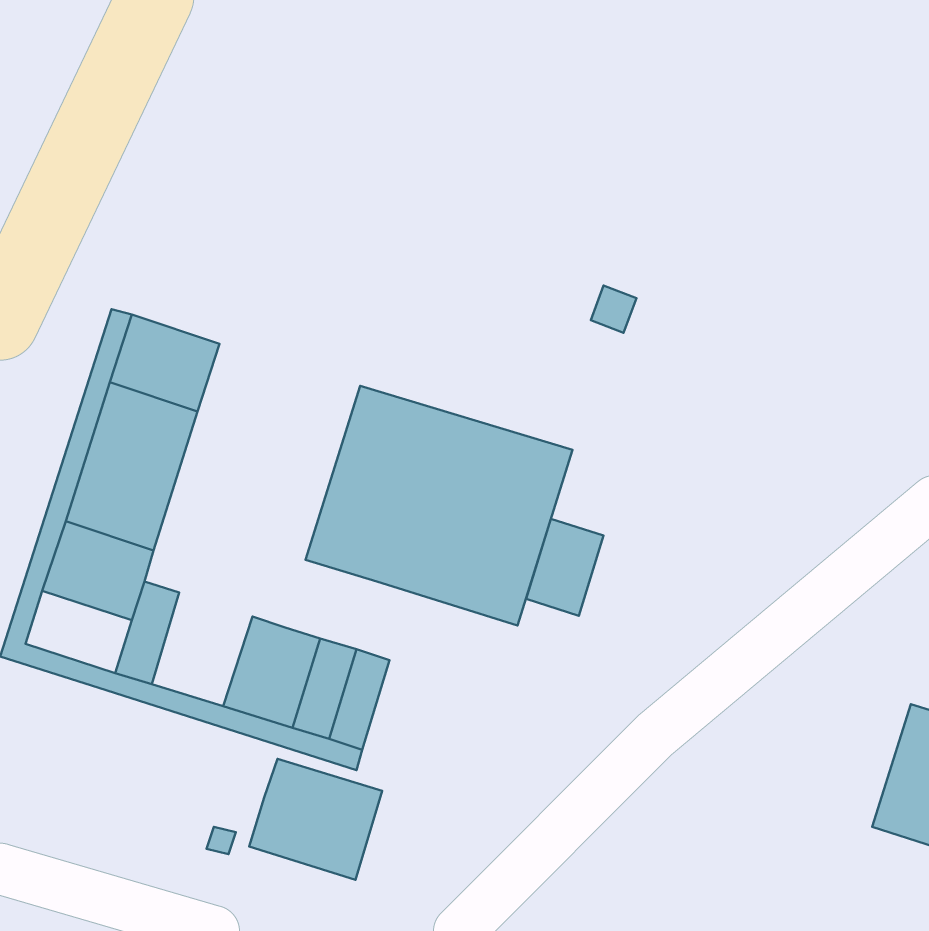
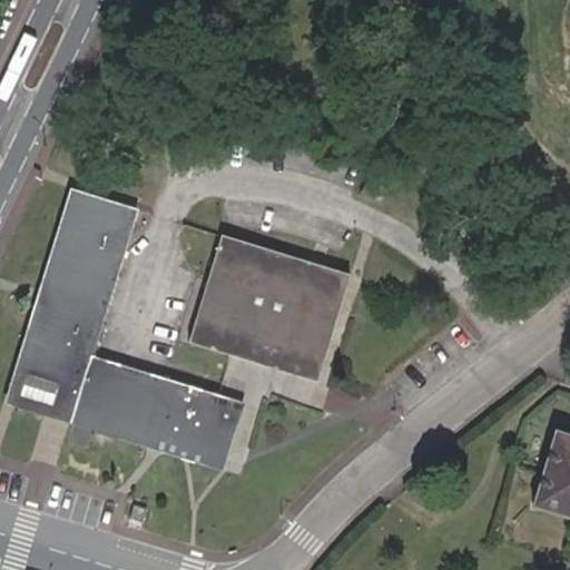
building: [526,519,604,616] -> none
building: none -> [19,360,83,410]
building: none -> [96,361,157,430]
building: [249,759,382,880] -> none

